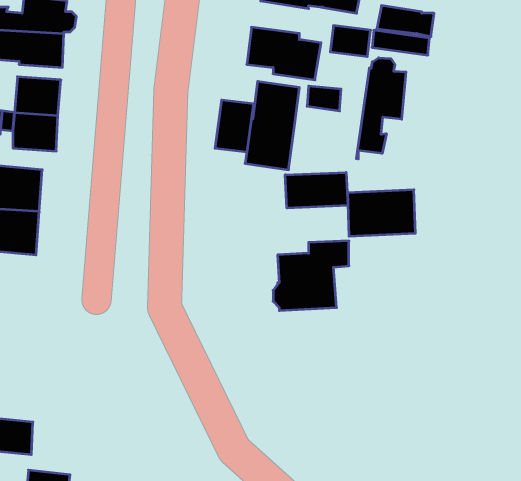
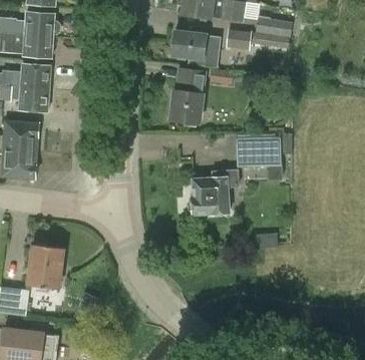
building: [356,58,406,159] -> none
building: [215,100,253,152] -> none
building: [285,172,348,208] -> none
building: none -> [27,244,62,289]

